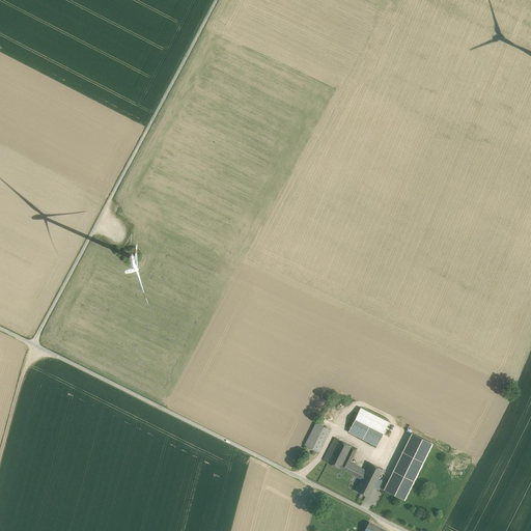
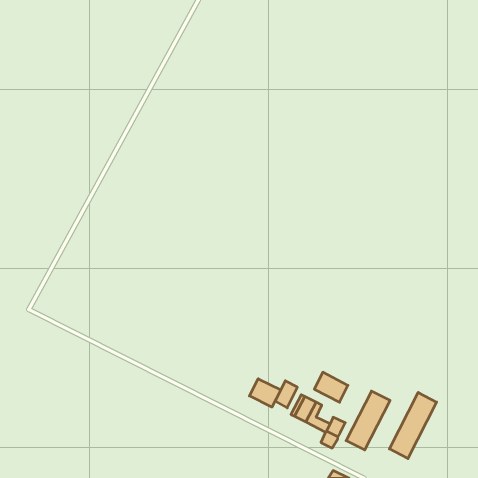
building: none -> [249,379,281,407]
building: none -> [389,392,437,459]

